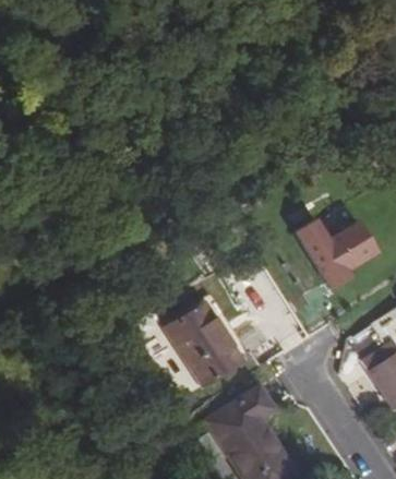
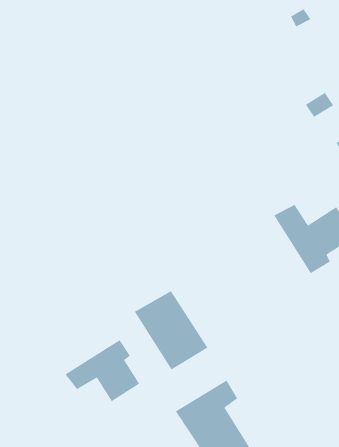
building: none -> [64,339,140,402]

